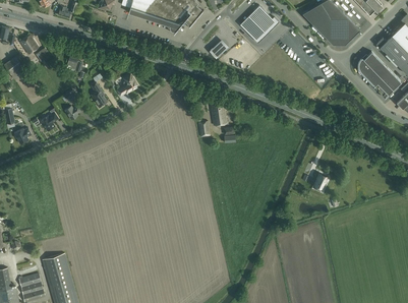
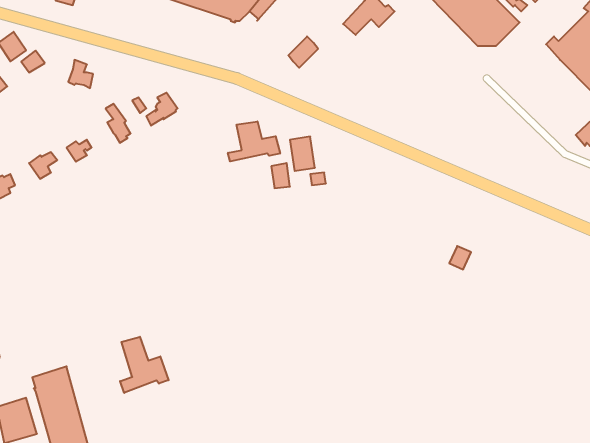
building: [359,51,401,97] -> none
building: none -> [228,121,280,161]
building: none -> [120,337,169,393]

